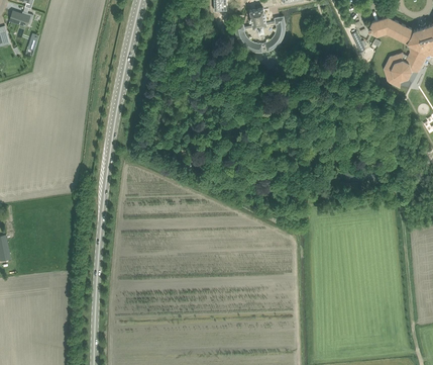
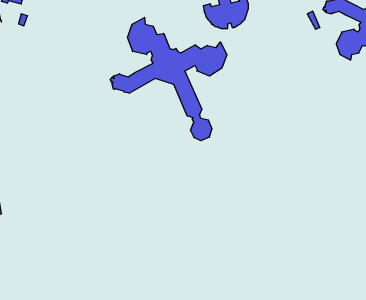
building: none -> [110,17,227,141]

